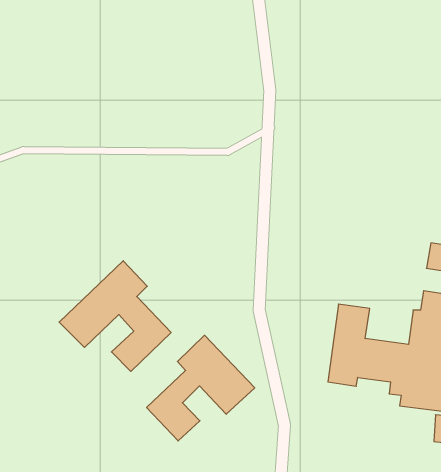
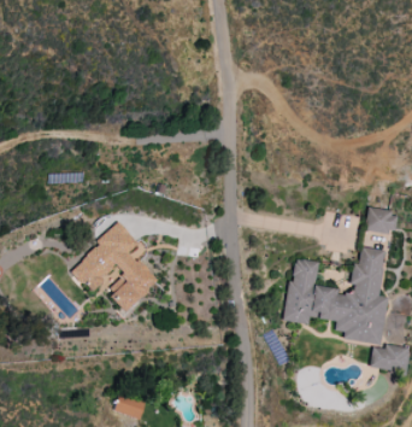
building: [147,335,255,441] -> none

